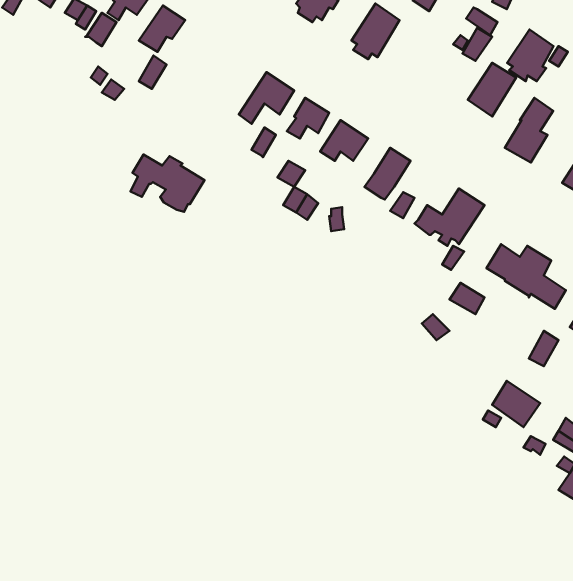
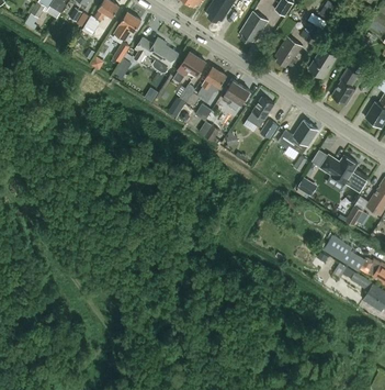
building: [507,29,553,81] -> [274,36,302,67]
building: [131,154,205,212] -> [134,38,178,73]

